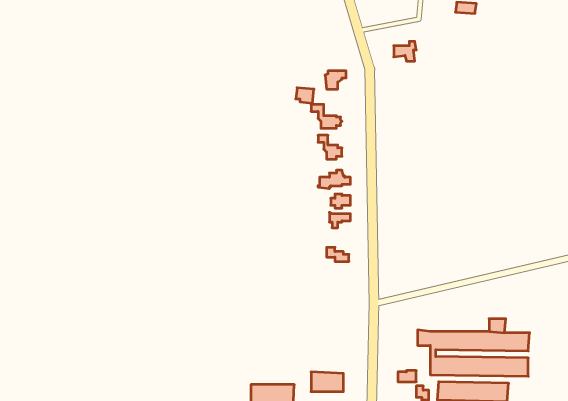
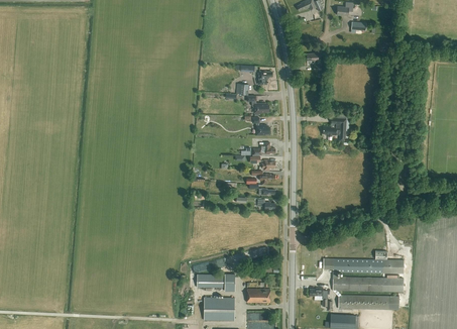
building: none -> [322,113,348,141]
building: none -> [197,275,234,291]

